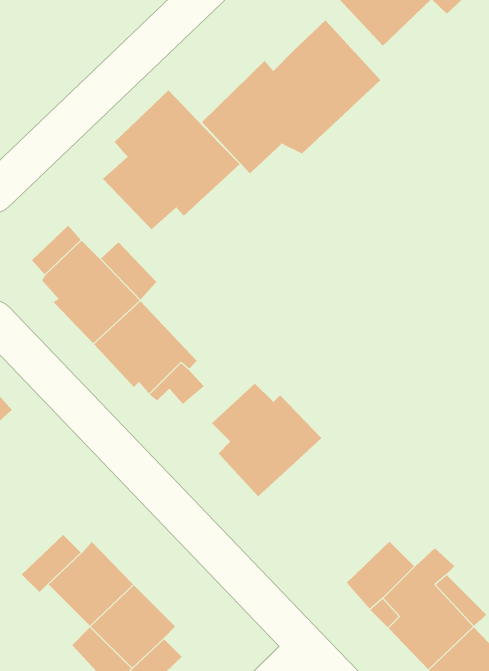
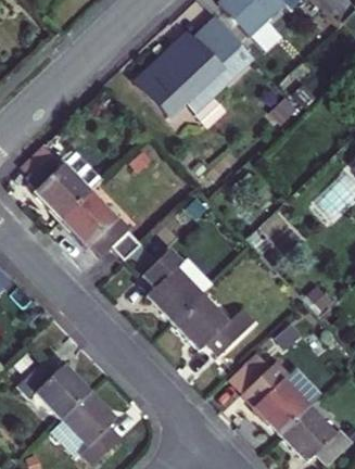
building: [102,90,240,230] -> none
building: none -> [172,300,253,359]

